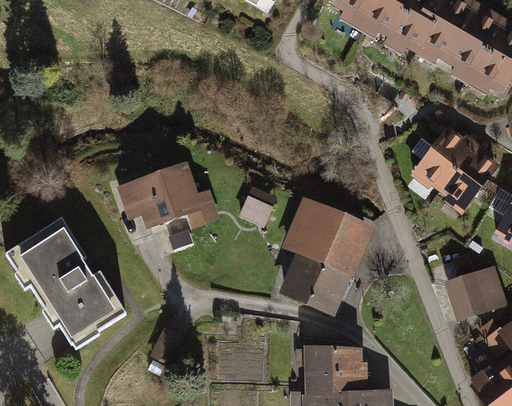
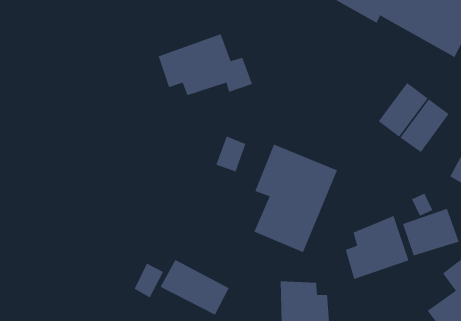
building: [114,162,219,231] -> [158,33,253,96]
building: [10,222,125,351] -> none
building: none -> [345,215,409,280]
building: none -> [160,259,230,315]

